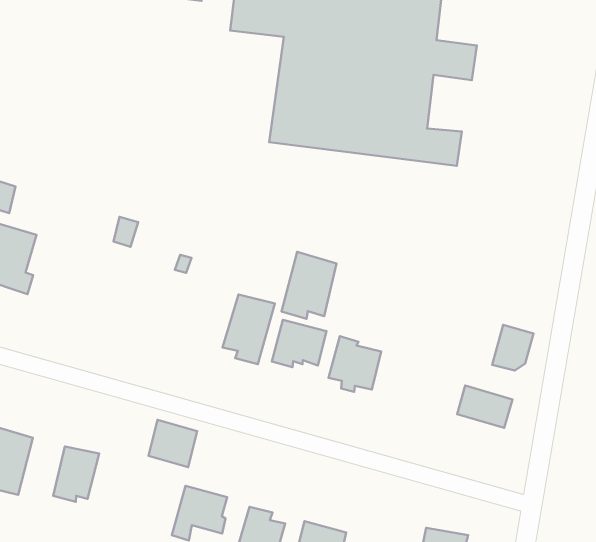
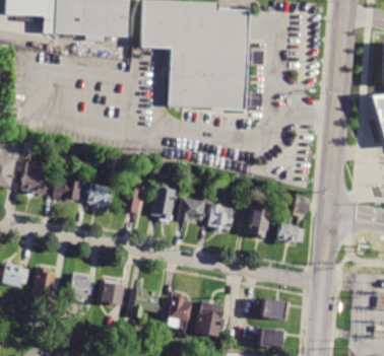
building: [282,252,337,319] -> none
building: none -> [54,176,83,201]
building: none -> [88,184,114,208]
building: none -> [119,186,142,213]
building: none -> [247,208,271,238]
building: [149,420,197,467] -> [102,284,126,307]

